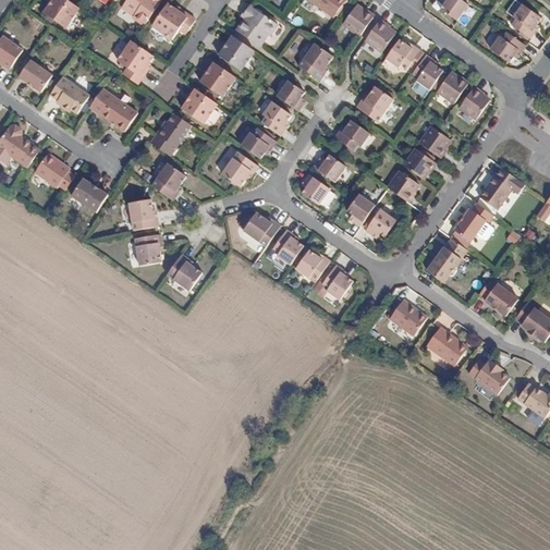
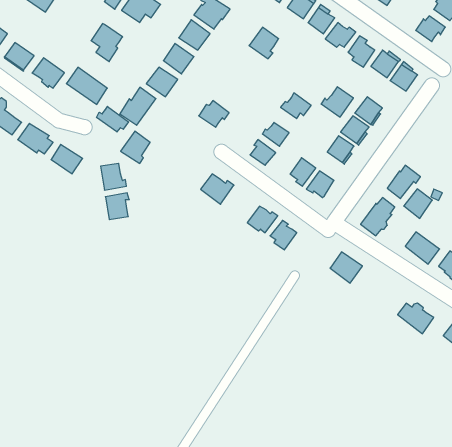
building: [276,81,304,110] -> none
building: [354,85,391,120] -> [321,87,353,117]
building: [260,101,290,135] -> none
building: none -> [97,106,129,132]
building: [219,150,256,186] -> none
building: [478,174,511,208] -> [404,189,432,218]
building: [272,229,303,264] -> none
building: [166,253,201,290] -> none
building: [425,326,466,365] -> none

